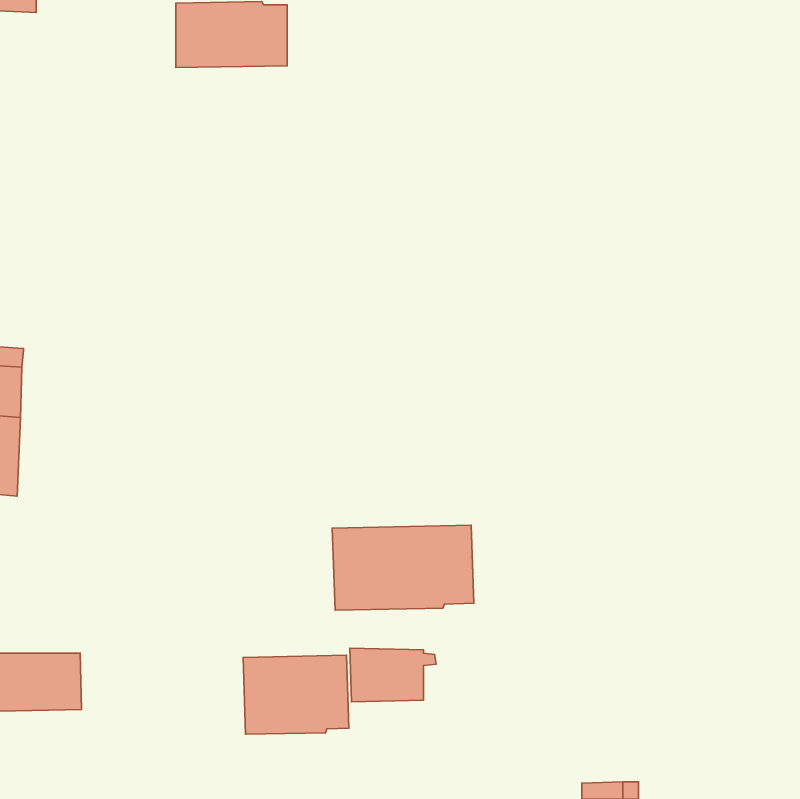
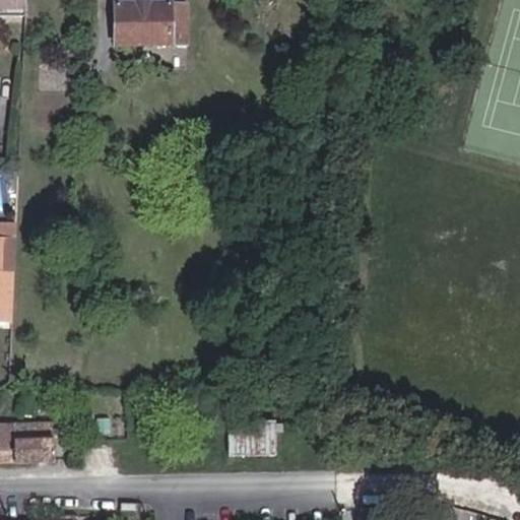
building: [332,525,474,610] -> none
building: [243,655,349,734] -> none

